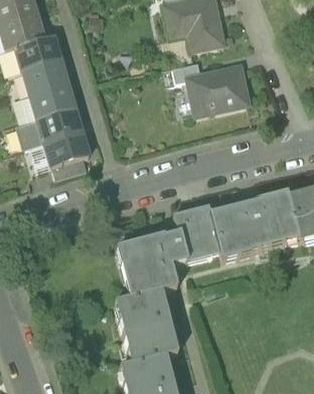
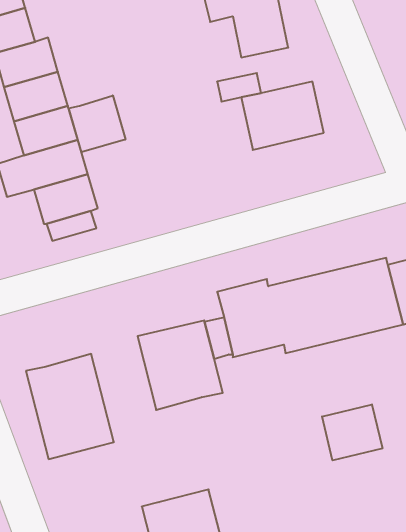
building: none -> [69,95,125,152]
building: [116,288,178,363] -> [26,354,114,459]
building: none -> [322,404,382,460]

